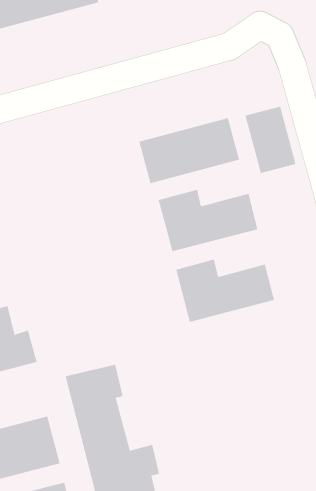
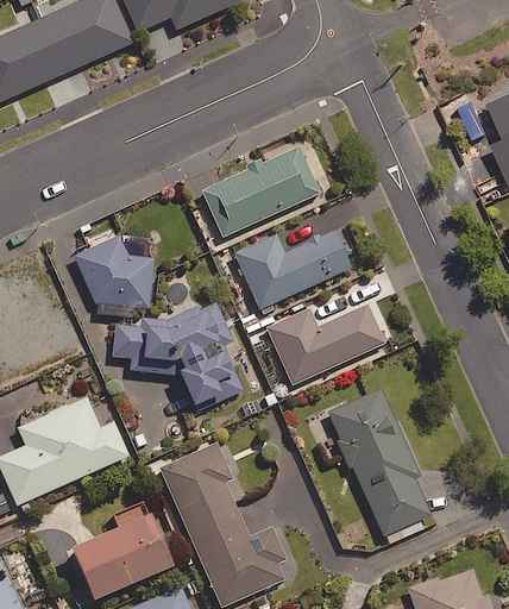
building: [245,106,296,174] -> none
building: none -> [76,234,152,315]
building: none -> [115,300,241,406]
building: none -> [327,390,431,544]

